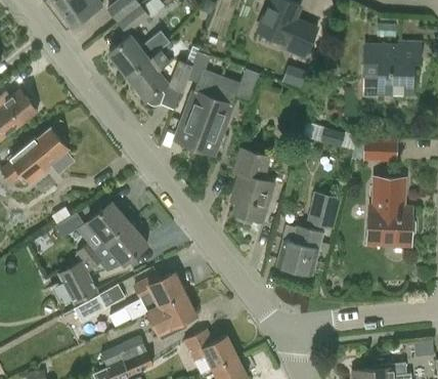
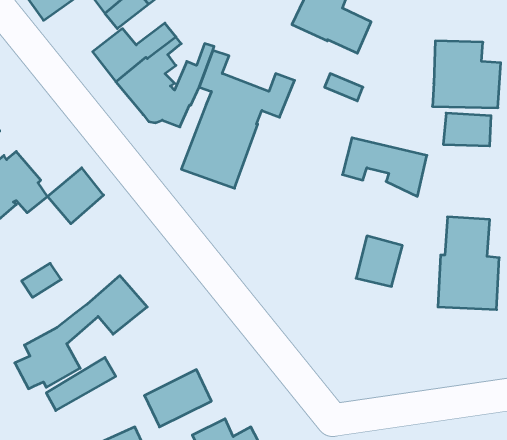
building: [361,137,397,162] -> [443,113,491,146]
building: [232,150,273,226] -> none
building: [86,201,128,243] -> [48,168,104,224]
building: [276,224,330,277] -> none
building: [125,271,185,319] -> none

